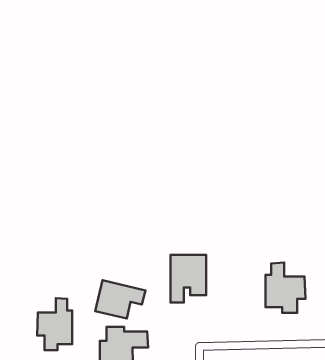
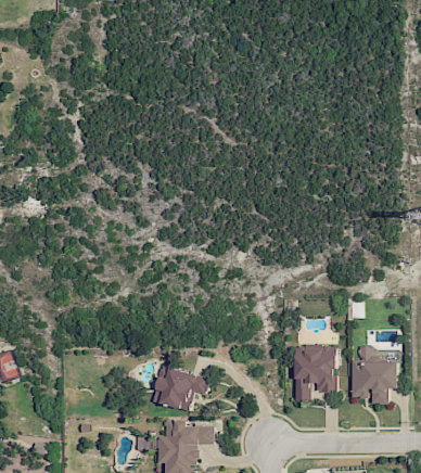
building: [171,255,206,303] -> [294,345,335,400]
building: [37,298,72,350] -> none

